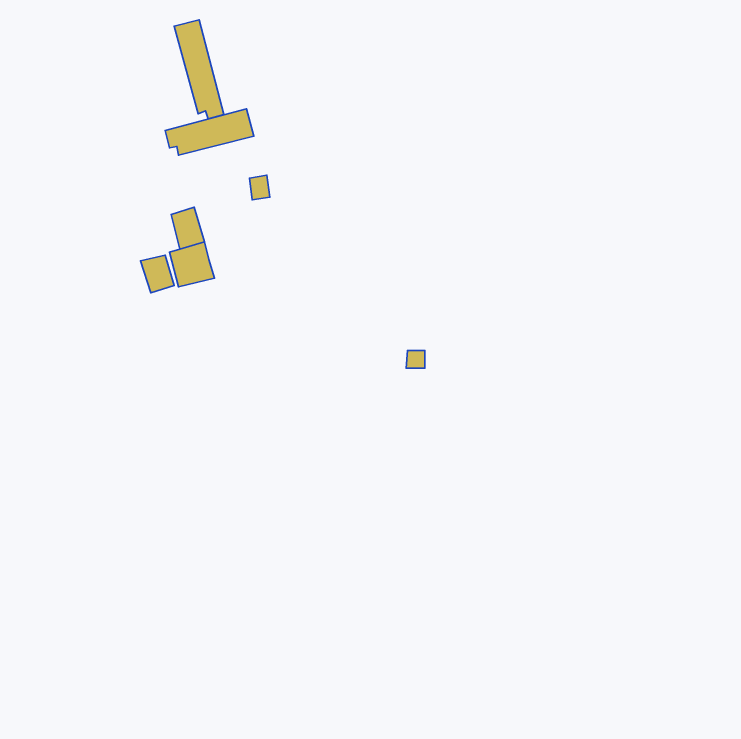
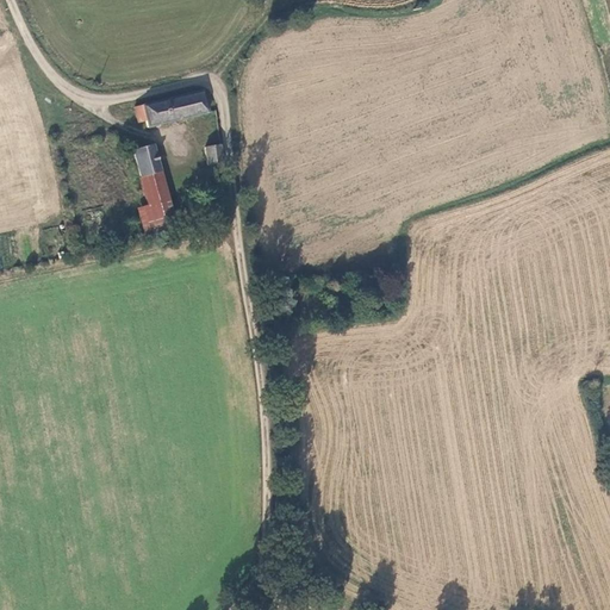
building: [174,20,224,119] -> none
building: [141,255,174,293] -> [132,145,160,176]

